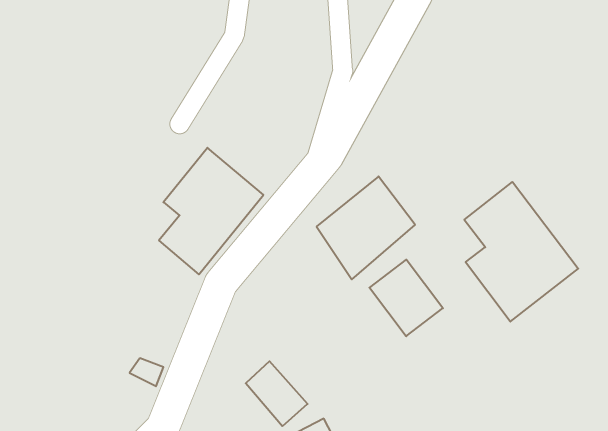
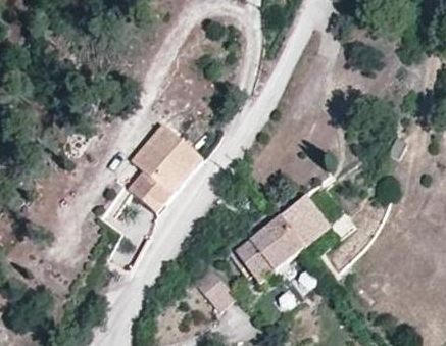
building: [317,176,415,279] -> [234,216,302,288]
building: [464,182,578,322] -> none

